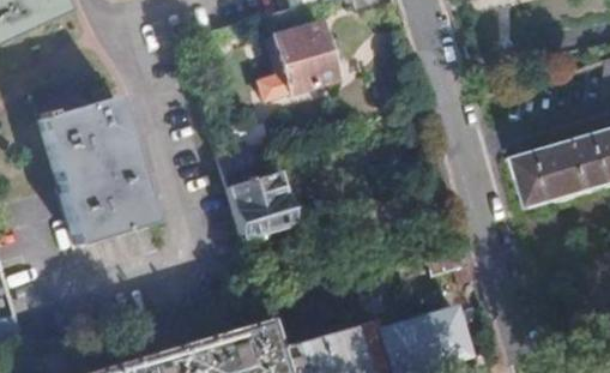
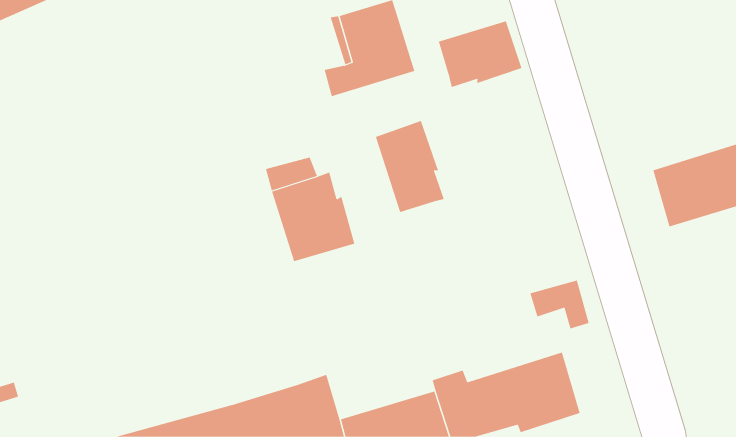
building: none -> [438,21,522,88]
building: [30,80,156,259] -> none
building: none -> [375,120,445,213]

